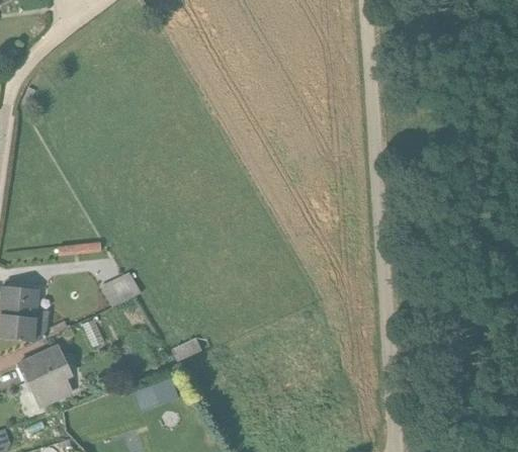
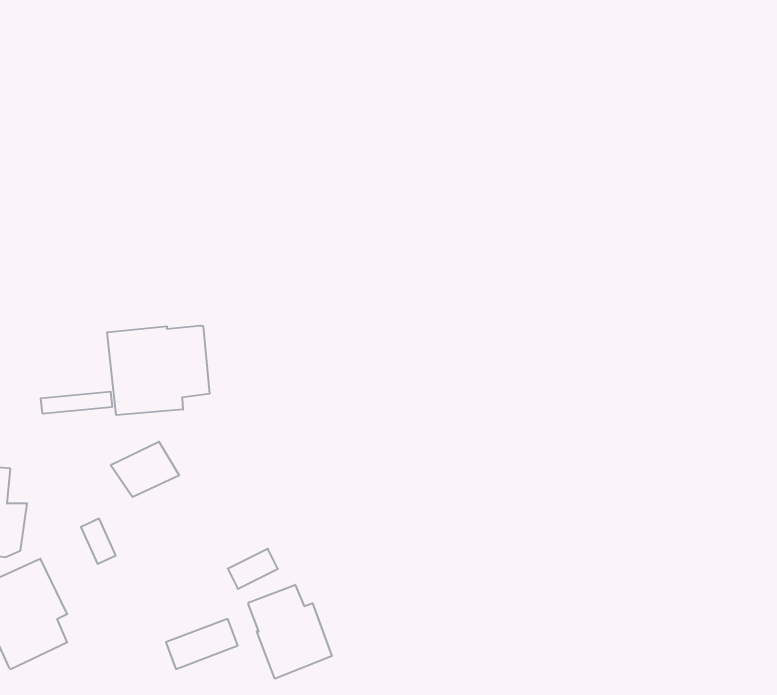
building: none -> [107,326,210,415]
building: none -> [248,585,332,679]

